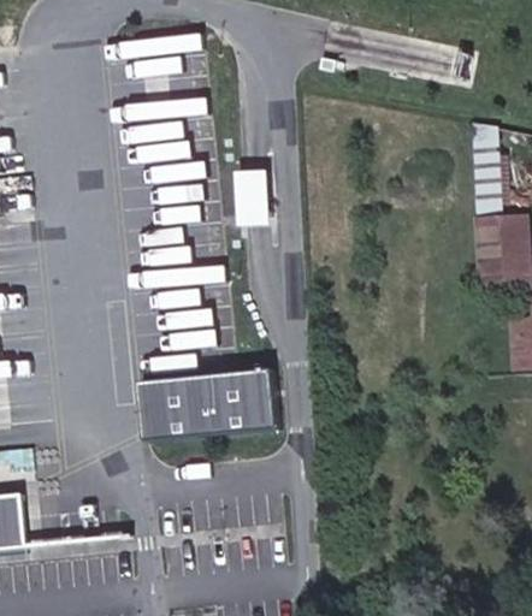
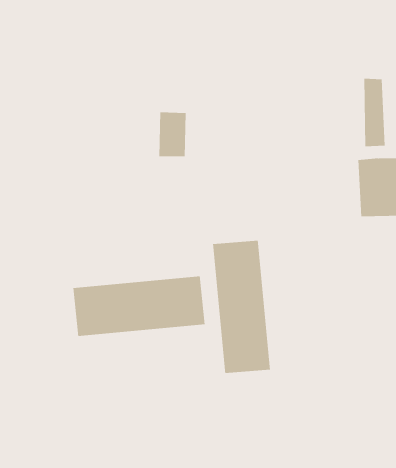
building: none -> [213,240,270,374]

